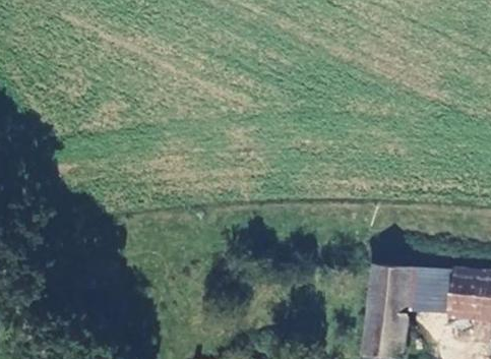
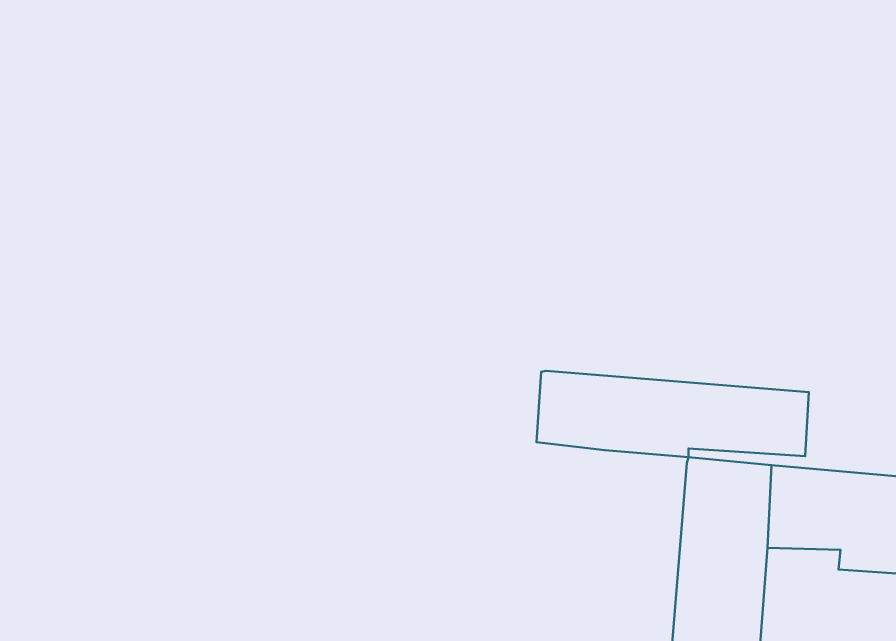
building: none -> [536,371,809,457]

